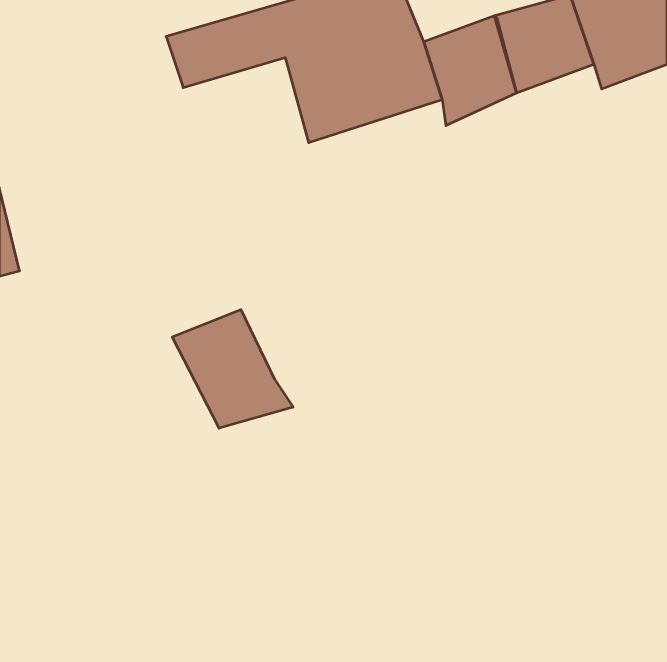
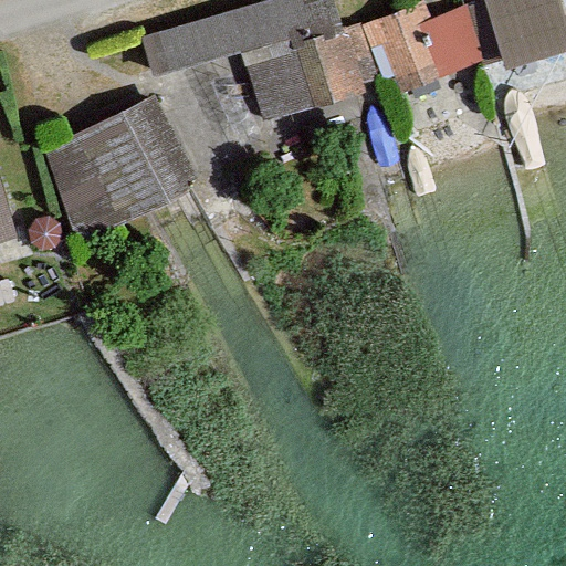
building: none -> [43,93,200,249]
building: [172,310,293,428] -> none

